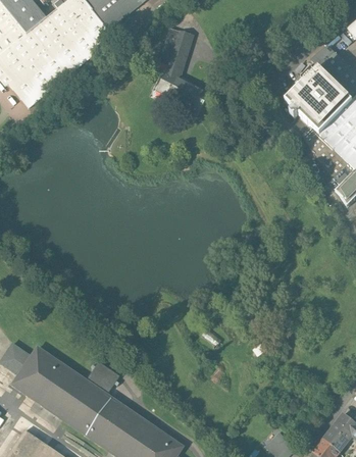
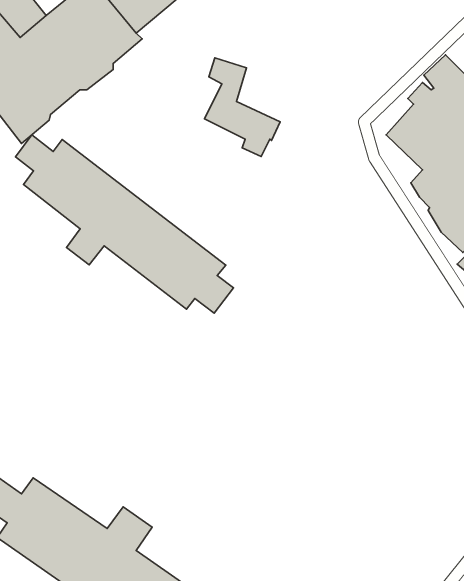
building: [163,28,192,54] -> none
building: none -> [16,135,233,313]

